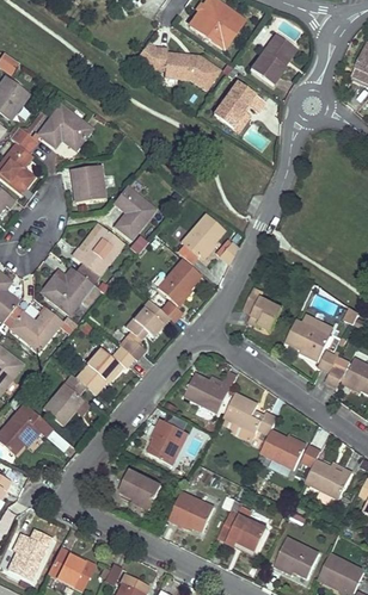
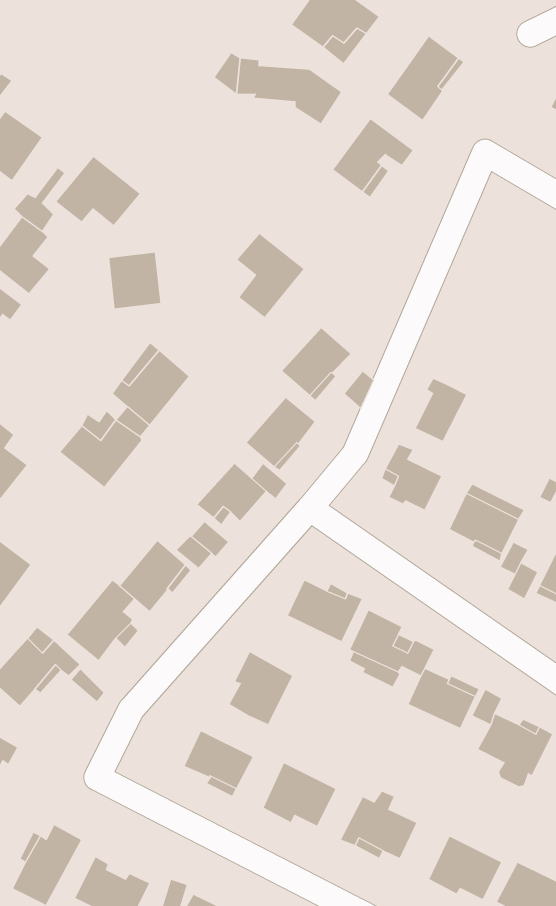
building: [112,187,155,241] -> [237,233,304,318]
building: none -> [415,378,467,441]
building: [10,310,61,352] -> none

